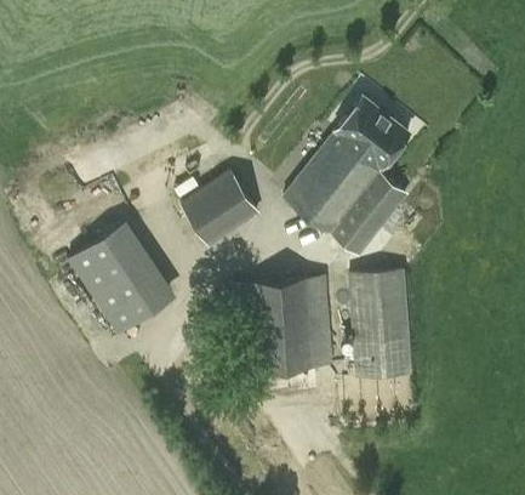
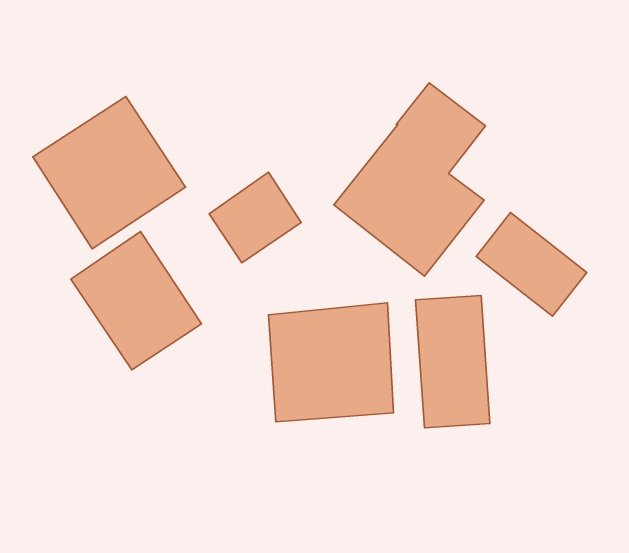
building: none -> [33,97,186,249]
building: none -> [476,213,587,316]

